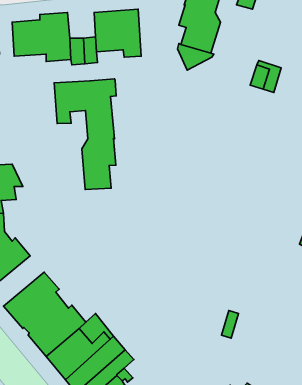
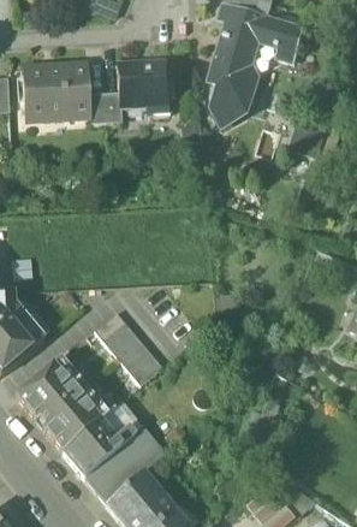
building: [54,79,116,190] -> none
building: none -> [94,309,162,383]

